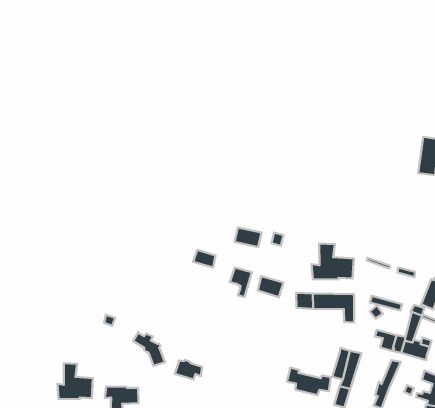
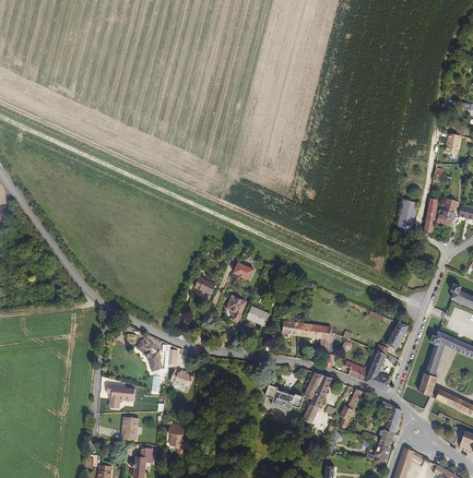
building: [312,244,354,280] -> none
building: [57,363,93,399] -> none

